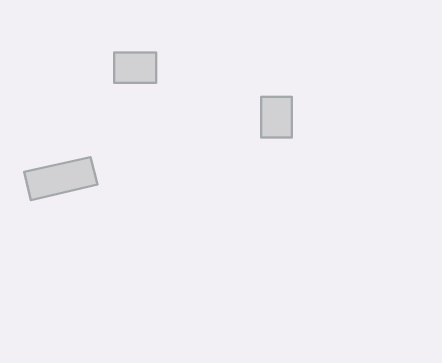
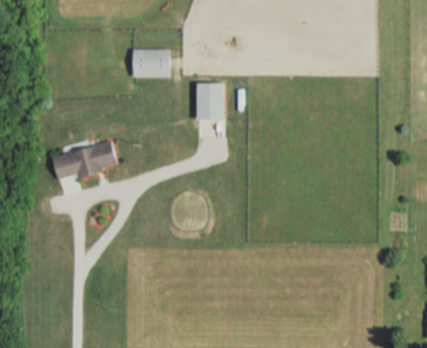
building: [261,97,292,137] -> [196,83,223,119]

